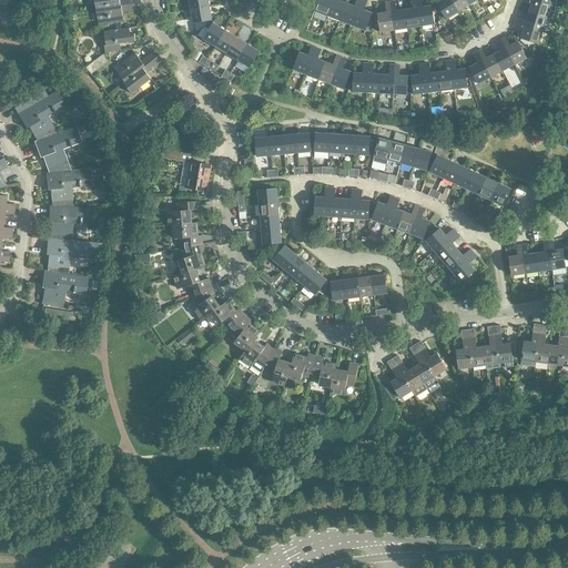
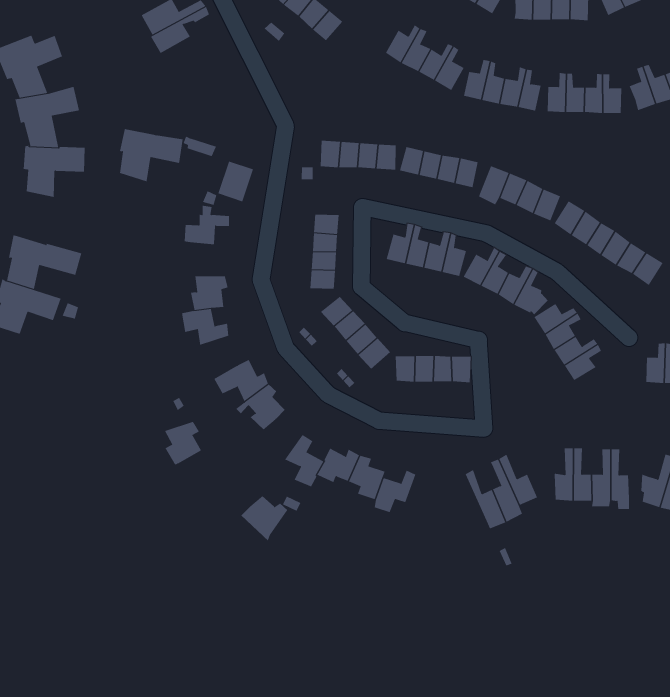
building: [48,204,92,240] -> [119,129,183,182]
building: [173,221,202,246] -> none
building: [191,285,220,318] -> [164,421,202,465]
building: [240,339,273,372] -> [241,495,288,542]
building: [385,358,413,398] -> none

